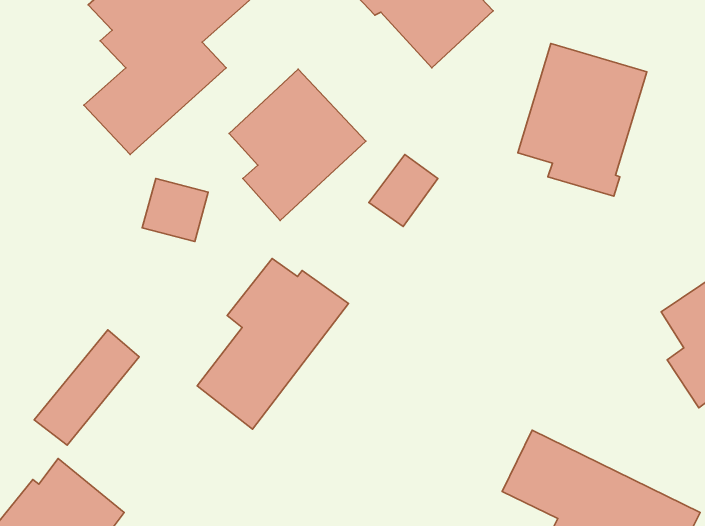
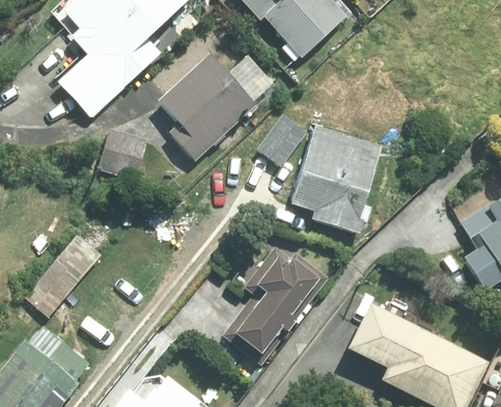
building: [518,43,647,196] -> [293,127,382,233]
building: [197,259,349,429] -> [223,247,328,365]

